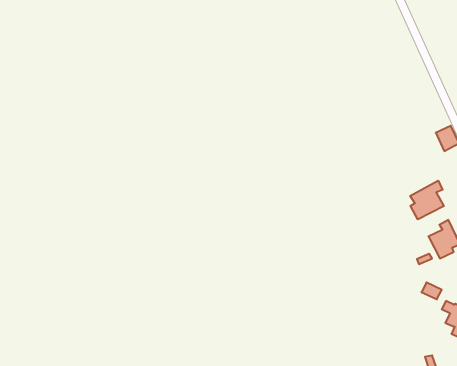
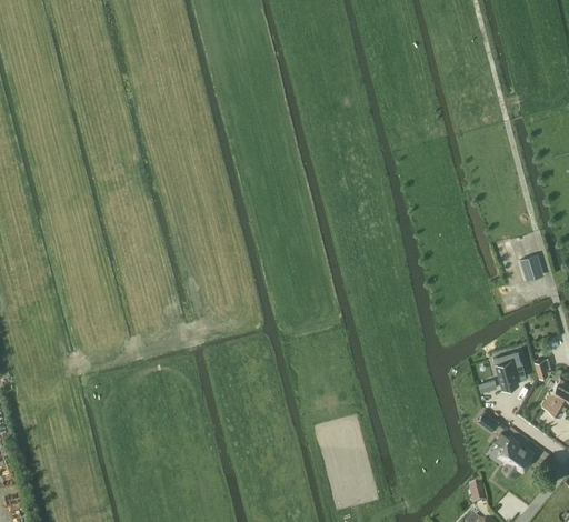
building: [410,181,444,219] -> none

